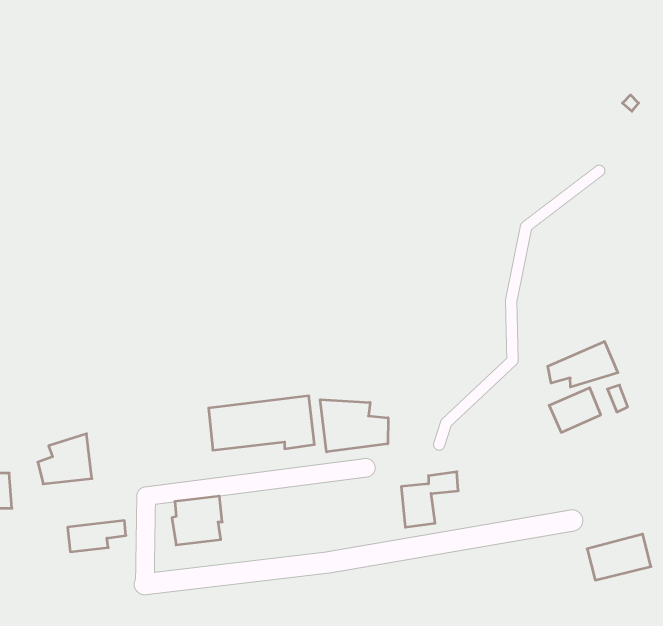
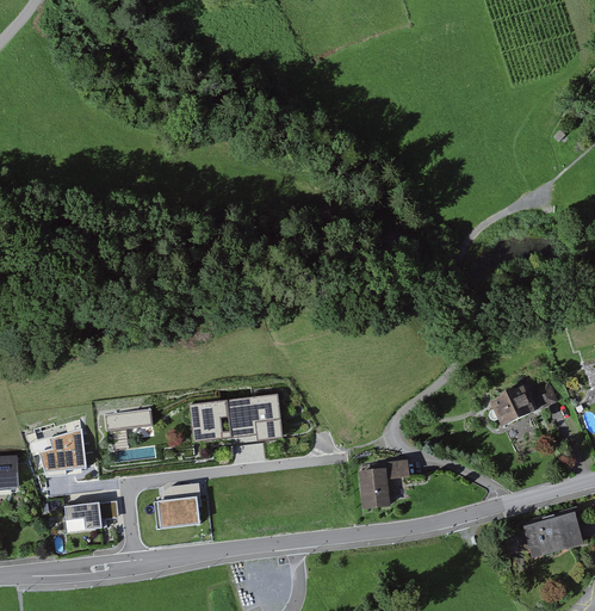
building: [548,341,618,387] -> none
building: [320,400,388,452] -> none
building: none -> [104,408,153,430]

